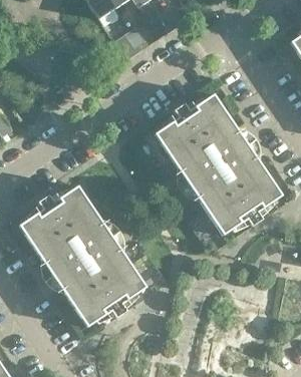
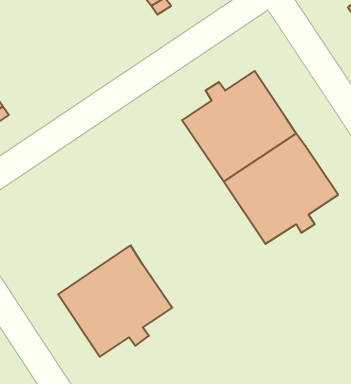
building: [19,184,112,276] -> none

